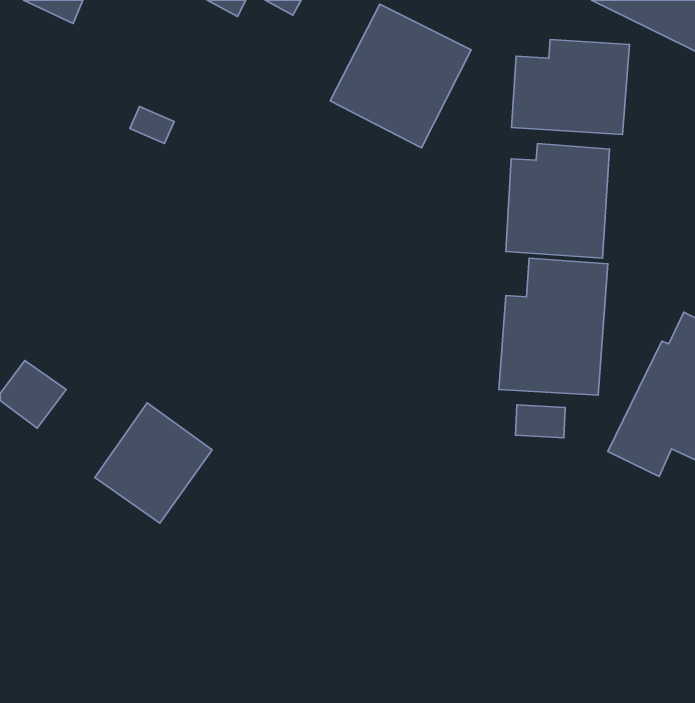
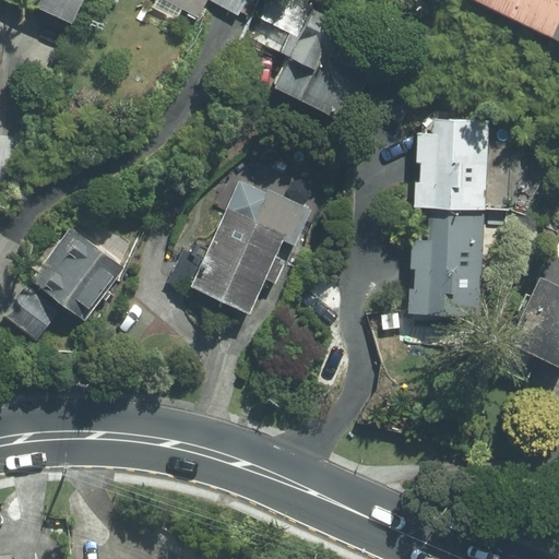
building: [511,39,630,135] -> none
building: none -> [188,177,311,309]
building: [95,403,212,523] -> [35,226,128,321]

